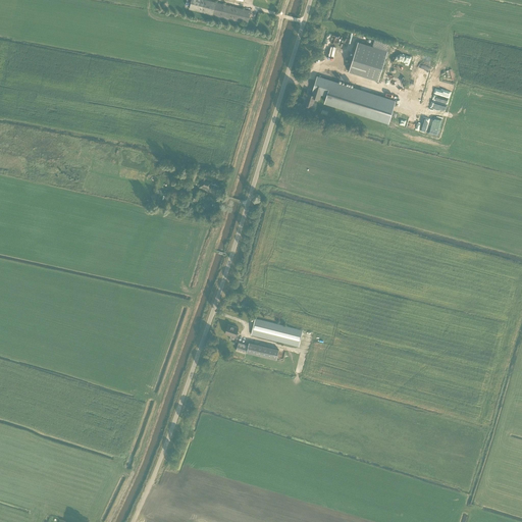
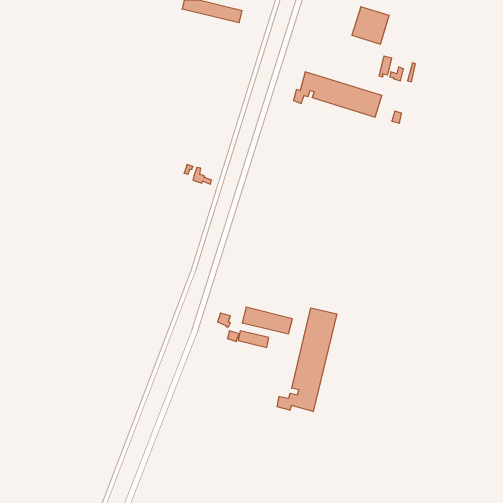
building: [349,42,387,81] -> [352,7,389,44]
building: none -> [277,308,337,412]

